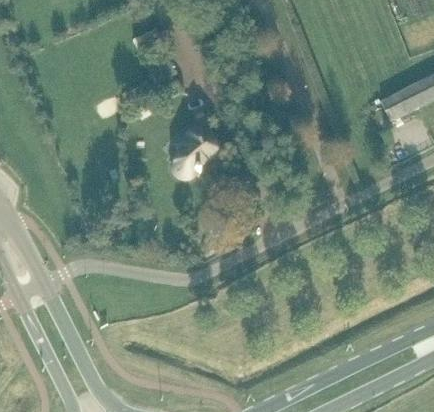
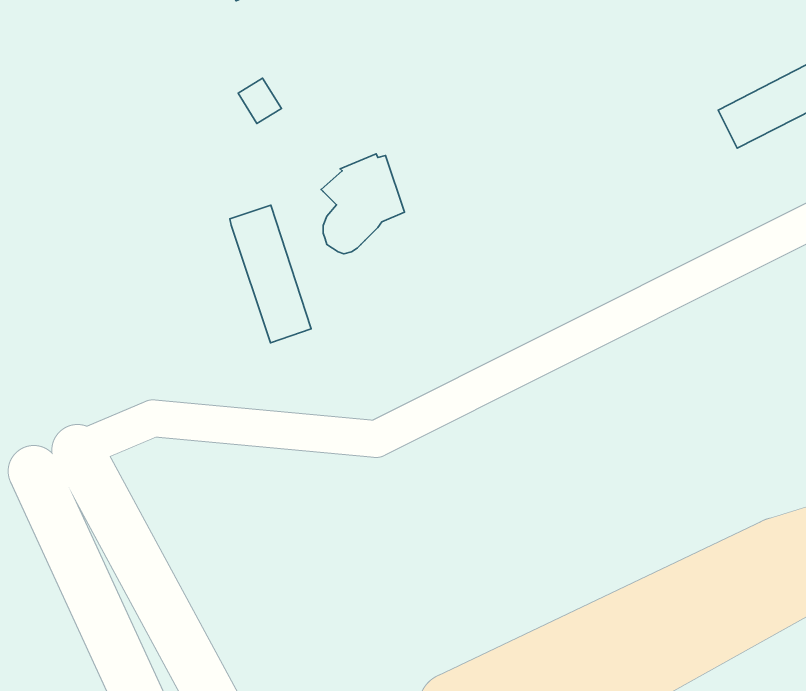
building: none -> [230,205,311,343]

